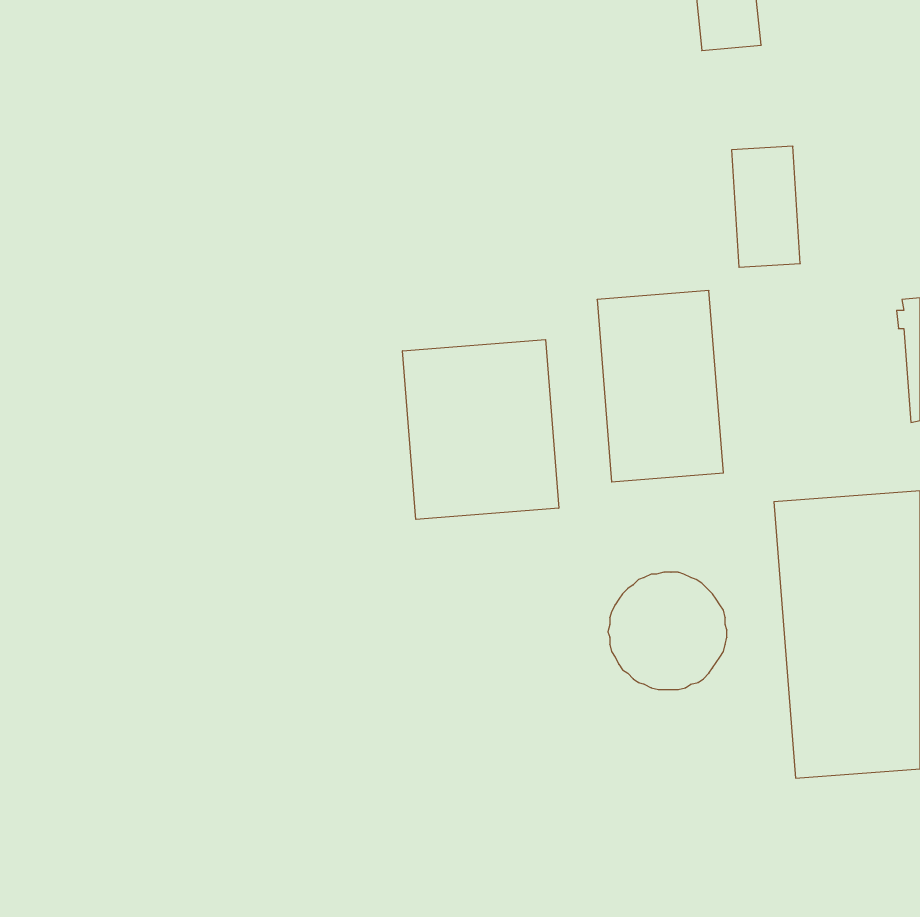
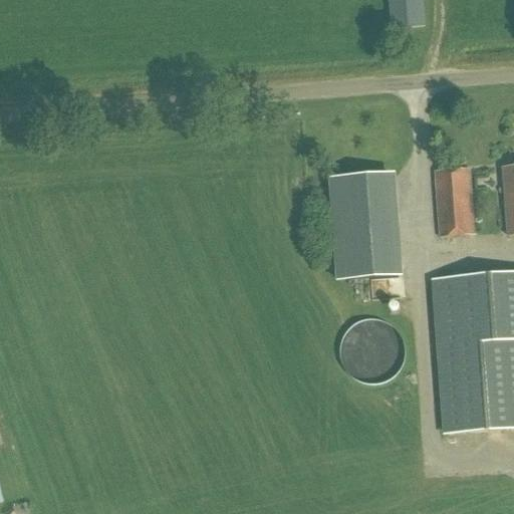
building: [732,146,800,267] -> [435,169,473,236]
building: [403,340,559,519] -> none

